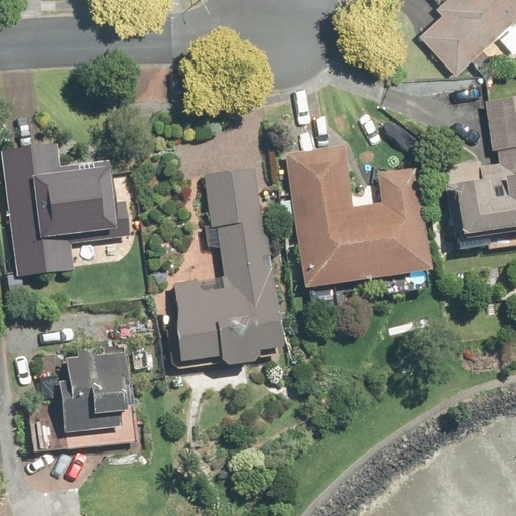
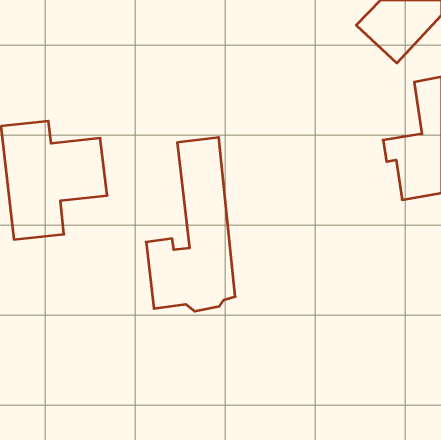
building: [284,145,432,289] -> none
building: [60,347,133,435] -> none

